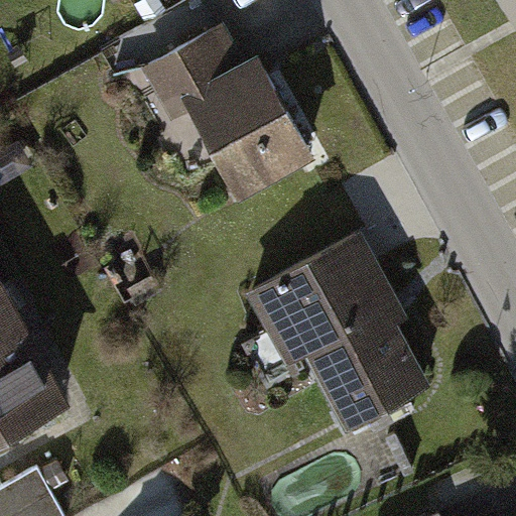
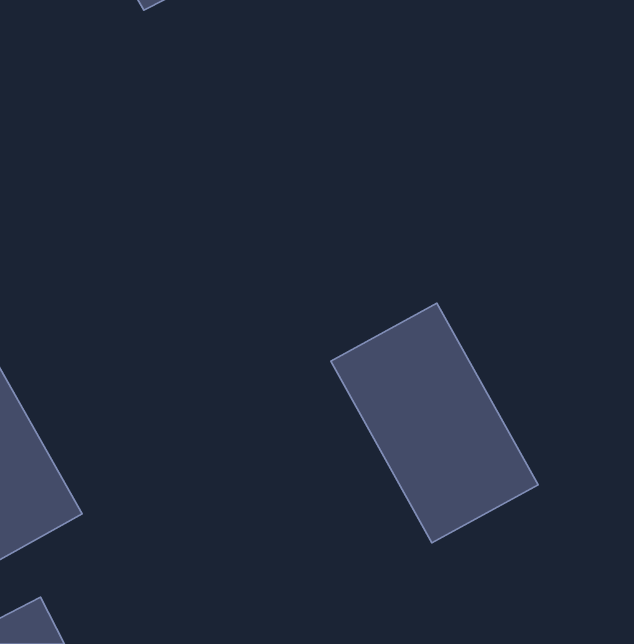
building: [161,23,310,198] -> none

